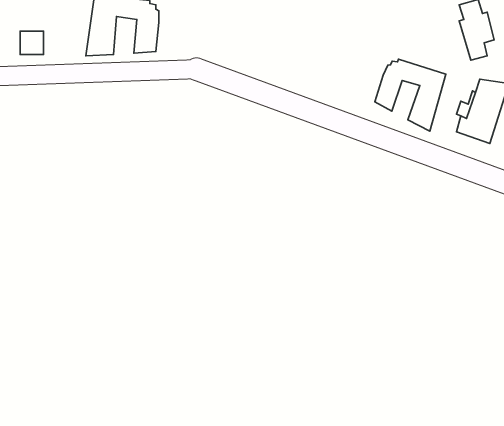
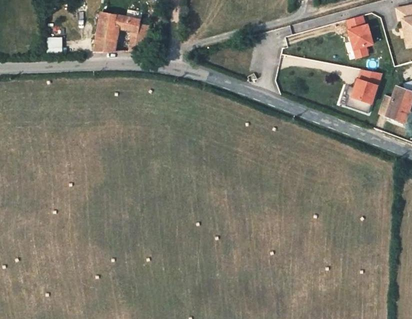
building: [375,59,446,131] -> none

